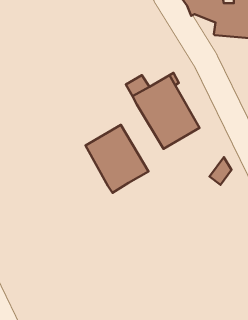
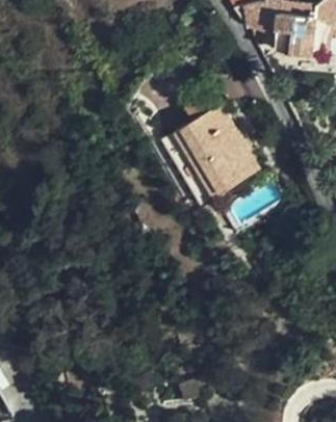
building: [85,125,149,193] -> none

